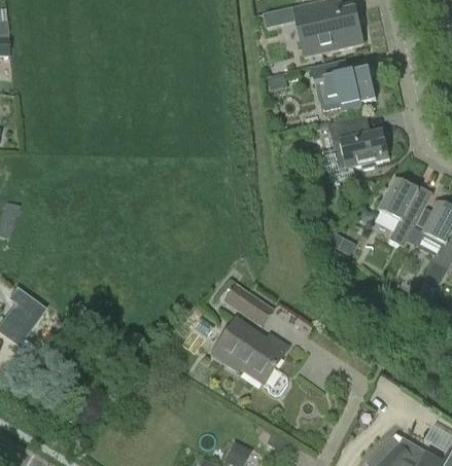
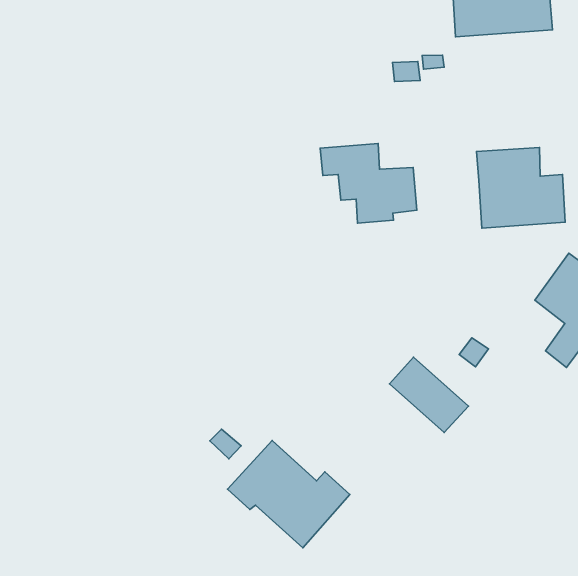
building: [311,60,376,110] -> [320,144,417,223]
building: [221,283,272,326] -> [389,357,469,433]

